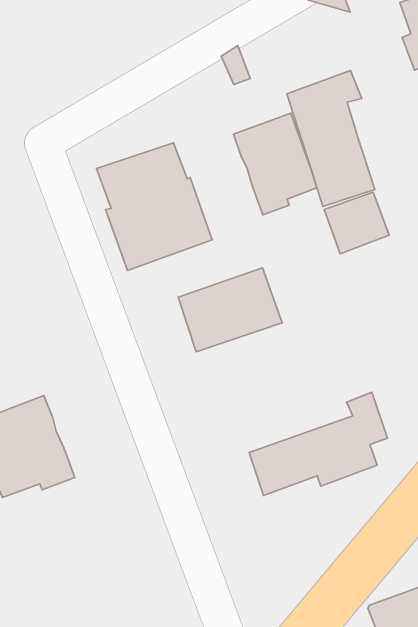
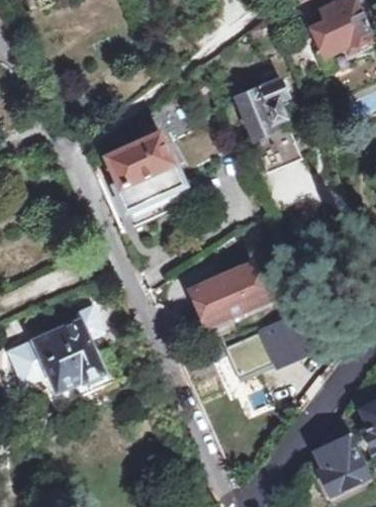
building: [233,113,317,215] -> none
building: [178,268,282,352] -> [191,265,265,326]

